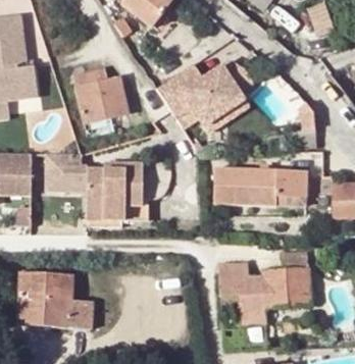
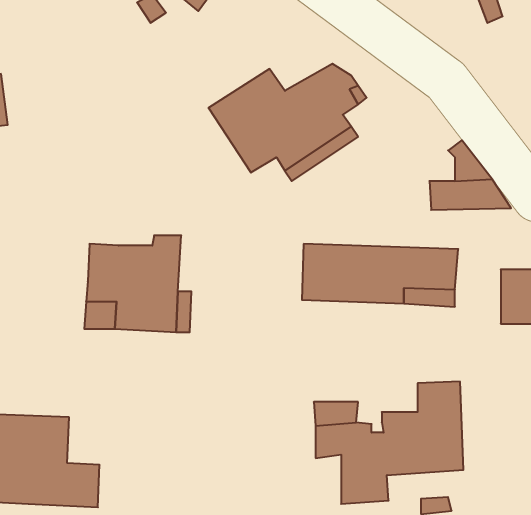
building: [74,68,126,121] -> none
building: [44,152,86,191] -> none

